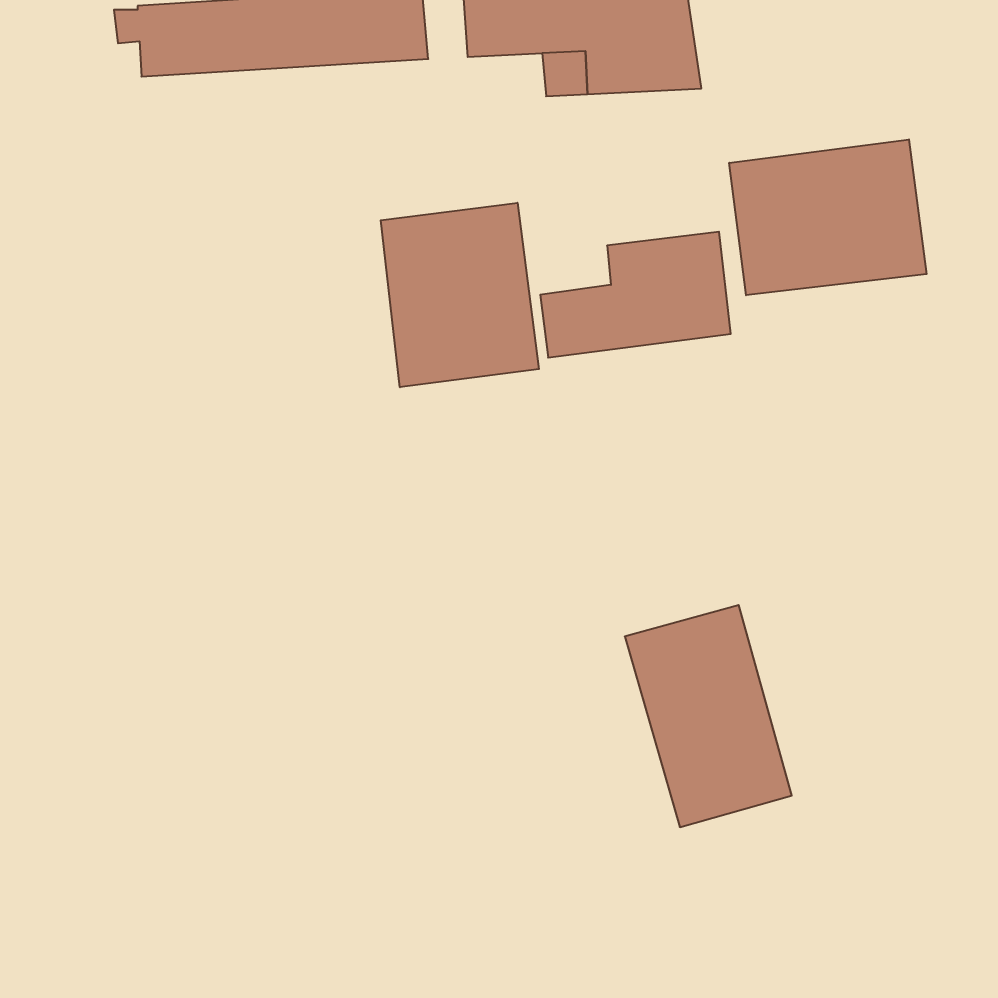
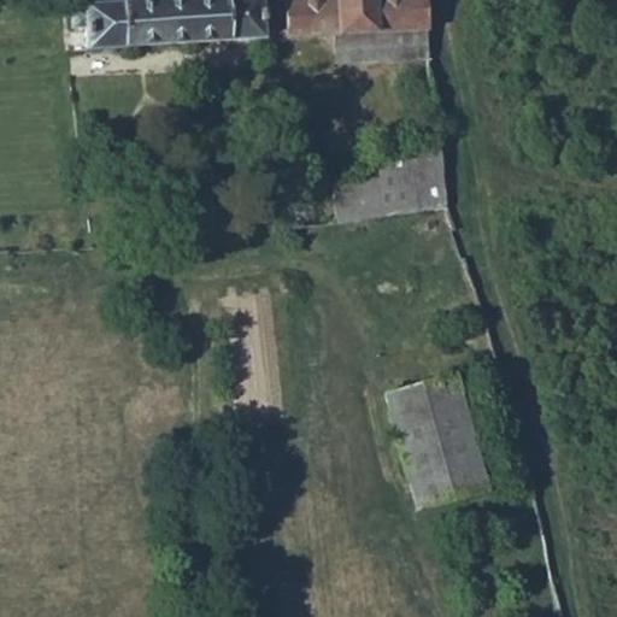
building: [729,139,927,295] -> none
building: [381,203,539,387] -> none

